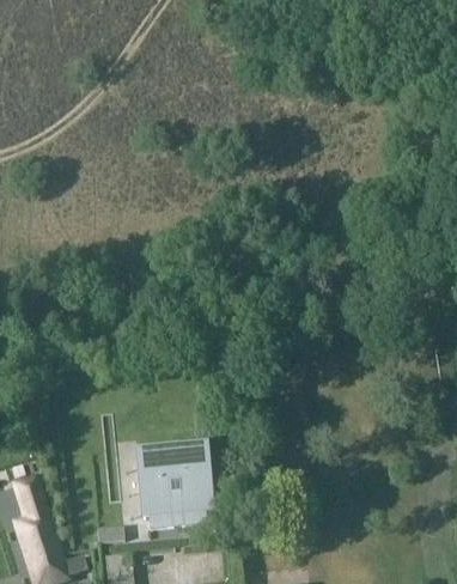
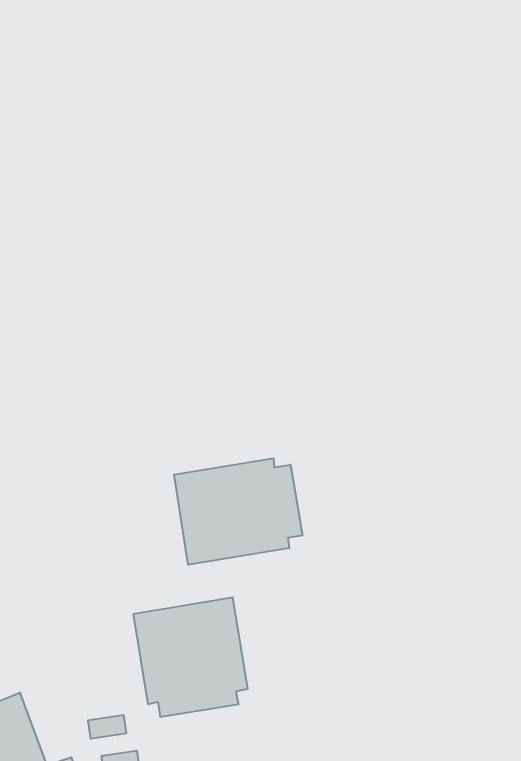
building: none -> [174,458,302,565]

